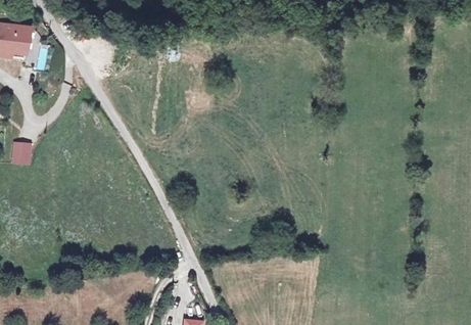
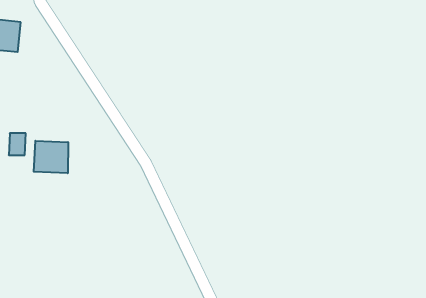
building: none -> [34,141,68,173]

